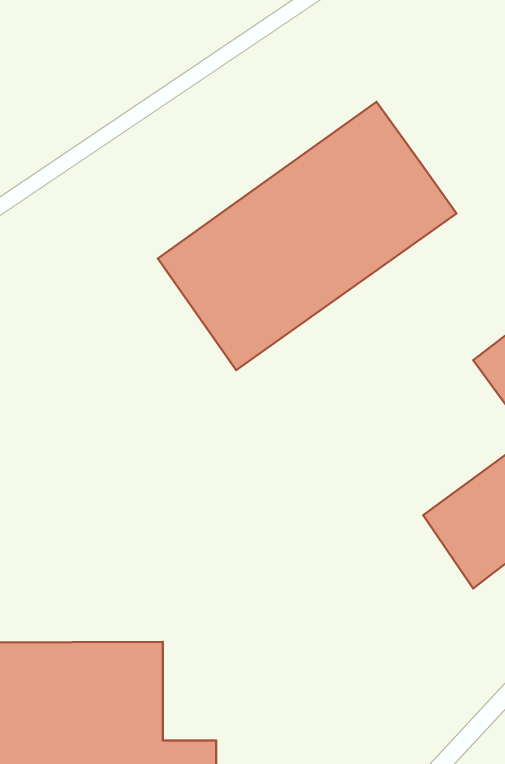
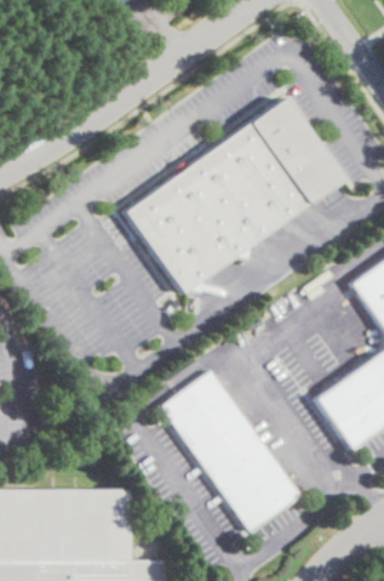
building: none -> [164,372,303,535]

